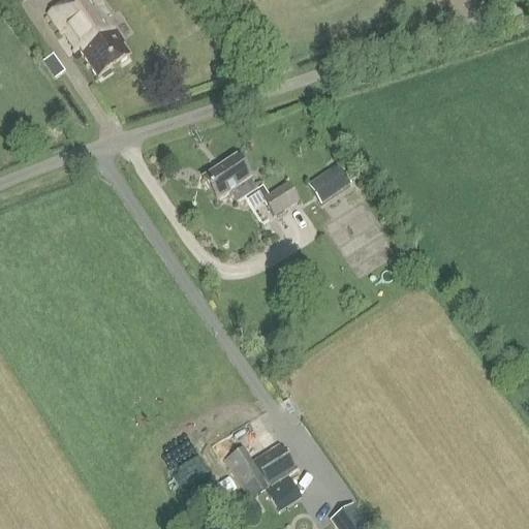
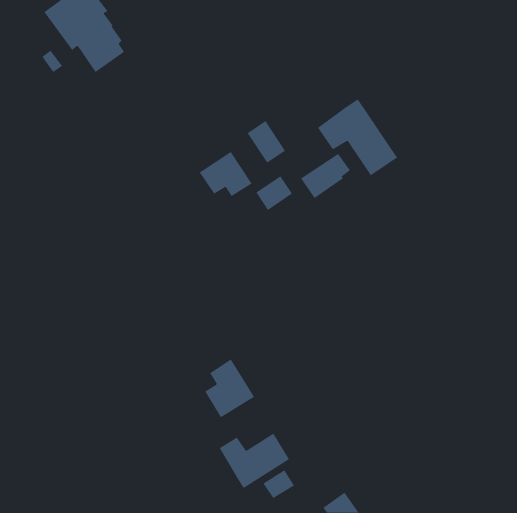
building: none -> [317,99,398,176]
building: none -> [247,120,286,164]
building: none -> [205,359,255,418]

